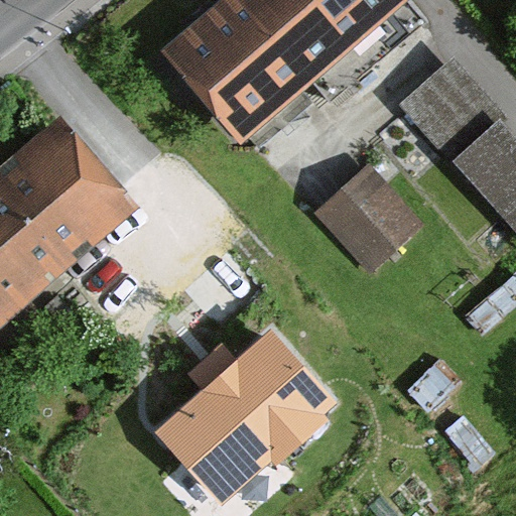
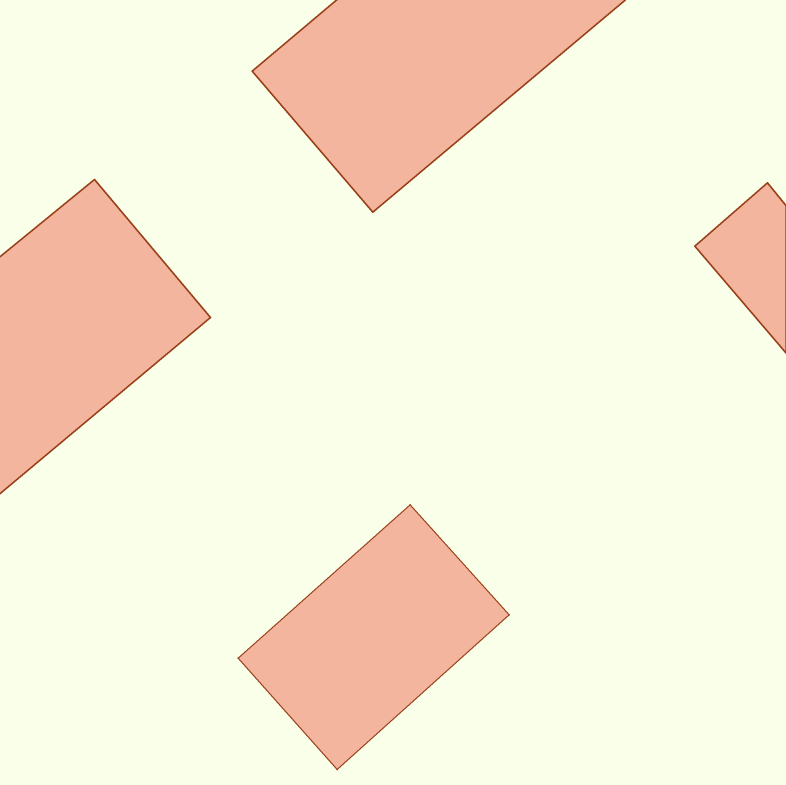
building: [400,59,500,160] -> none
building: [316,170,417,273] -> none

